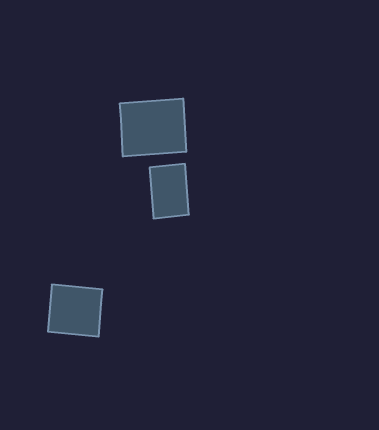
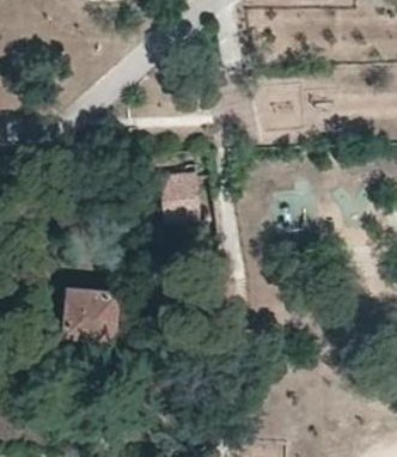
building: [120,98,186,157] -> none

